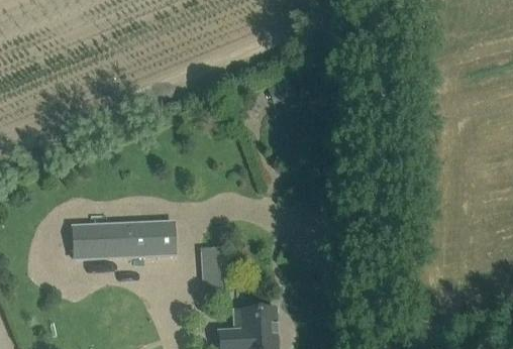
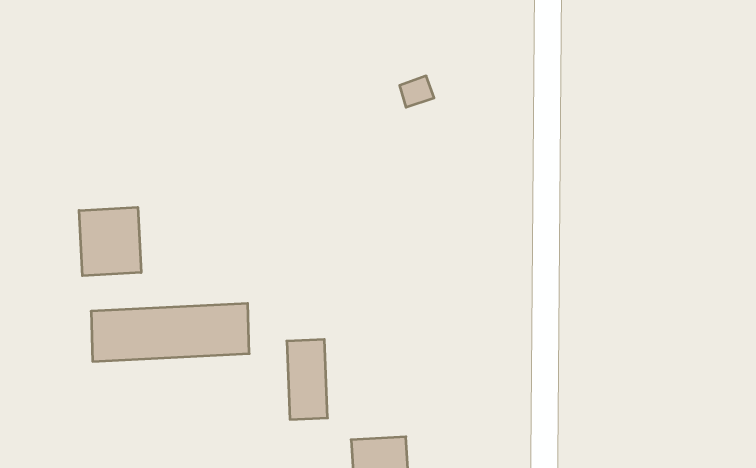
building: none -> [79,207,141,276]

